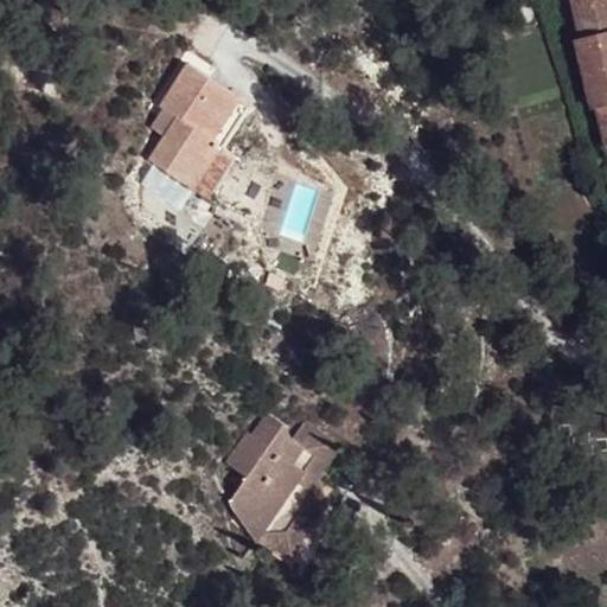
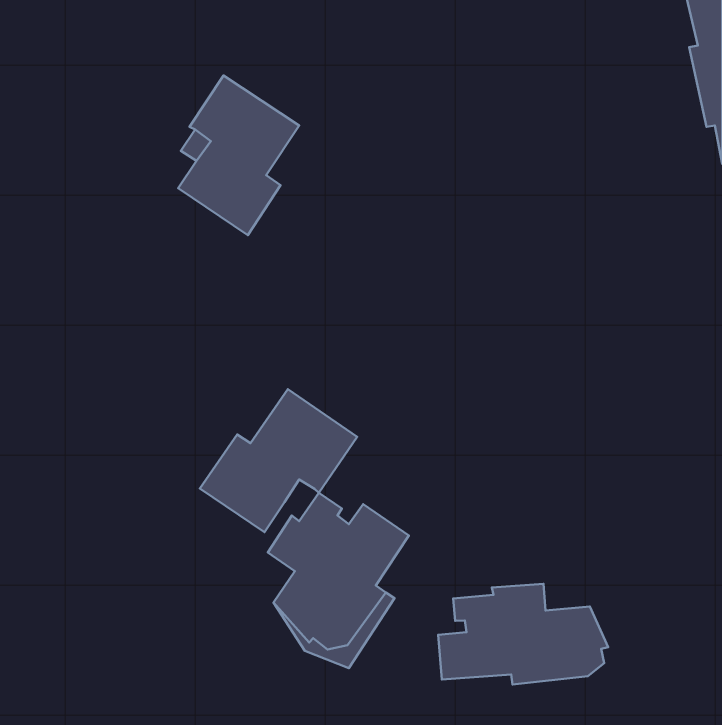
building: none -> [200,389,357,532]
building: none -> [438,584,608,684]

